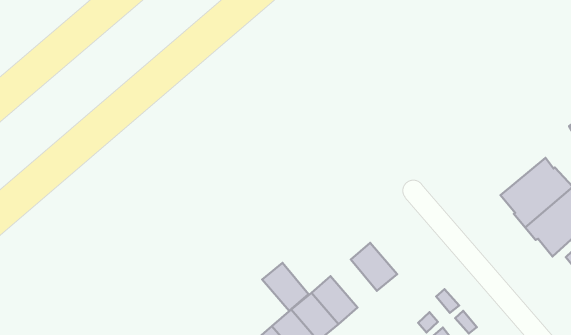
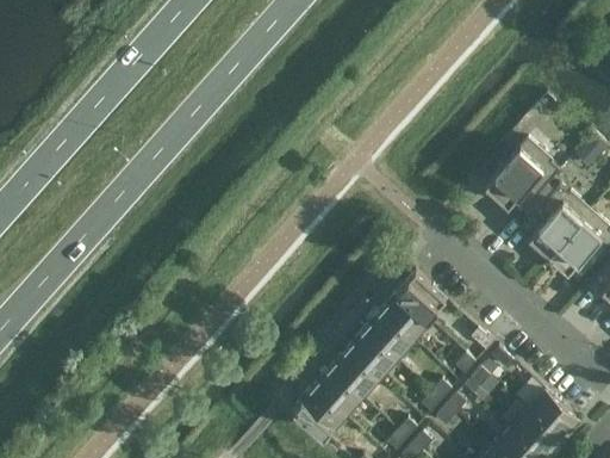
building: none -> [486,141,560,216]
building: none -> [398,273,447,321]
building: [262,263,308,311] -> [363,312,411,359]

